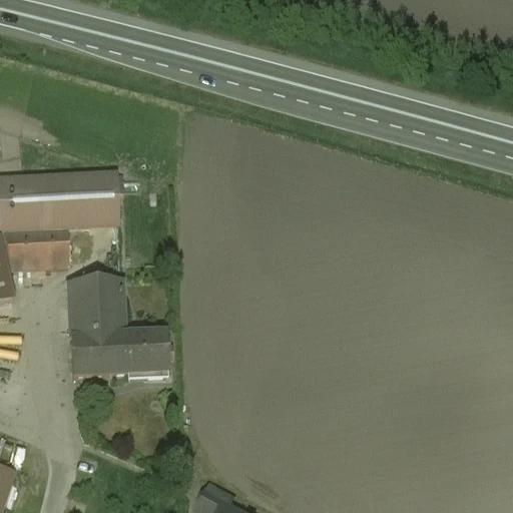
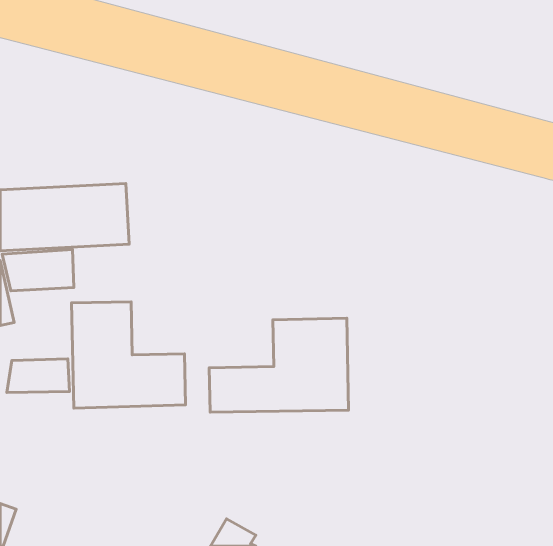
building: none -> [209,318,349,412]
building: none -> [7,359,70,393]

